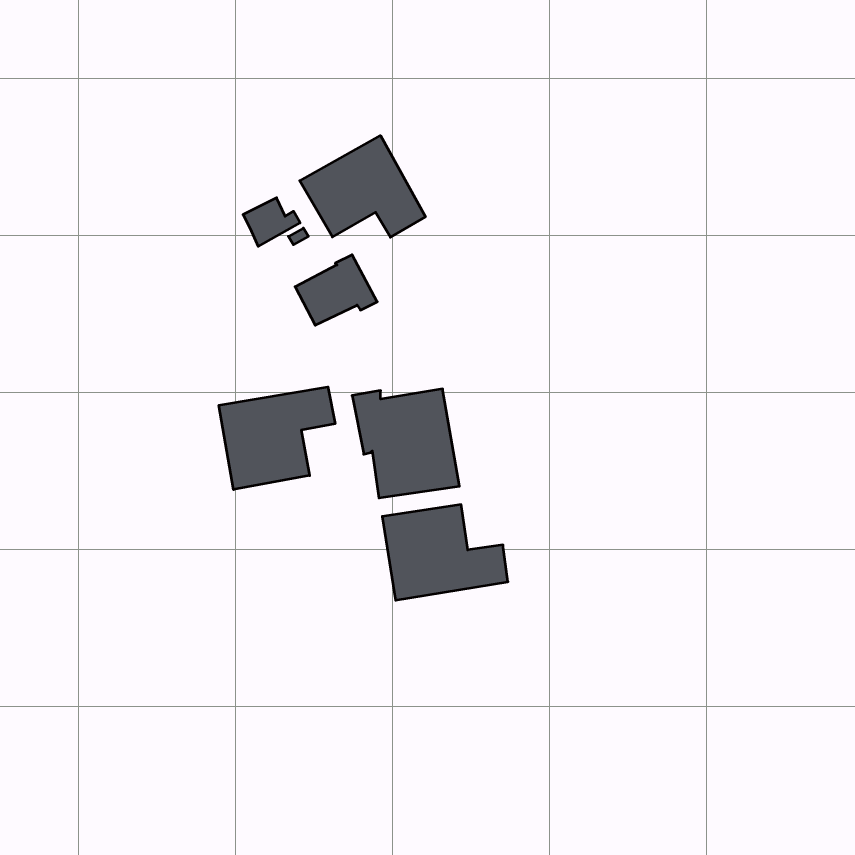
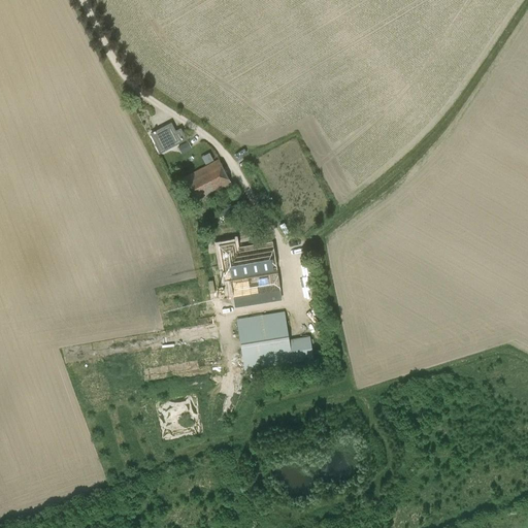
building: [300,136,425,237] -> none
building: [219,387,335,490] -> none

